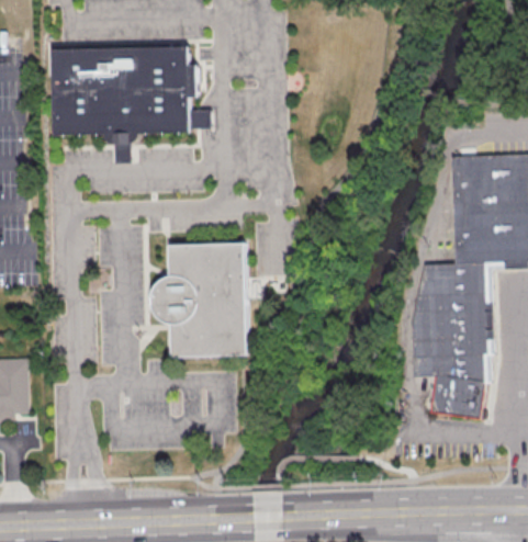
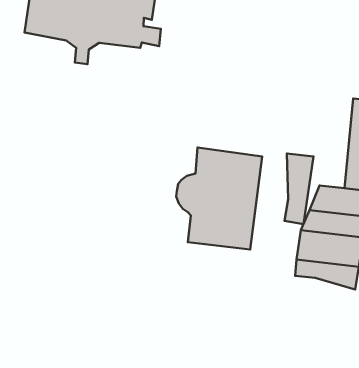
building: none -> [284,153,313,224]
building: [151,244,248,358] -> [176,148,262,250]
building: [432,373,487,417] -> none

